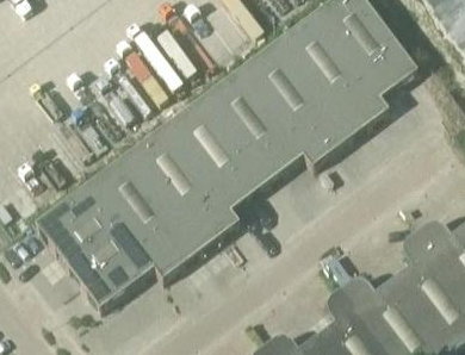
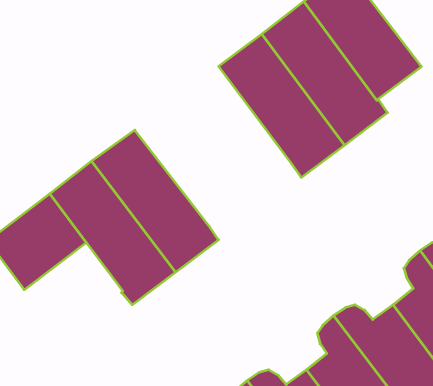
building: [166,67,304,207] -> none
building: [68,222,155,306] -> none

